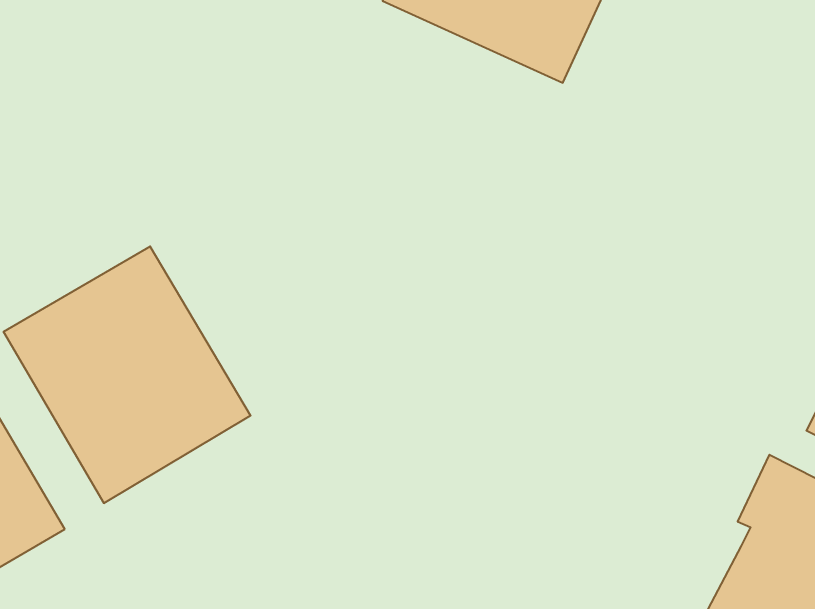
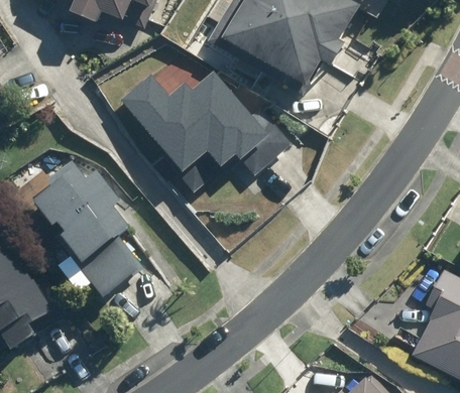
building: none -> [137,44,279,187]

